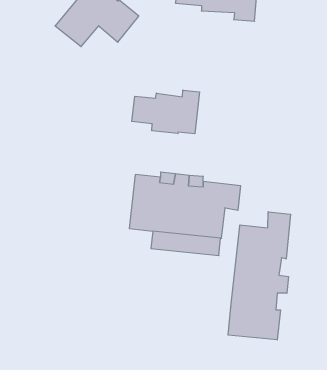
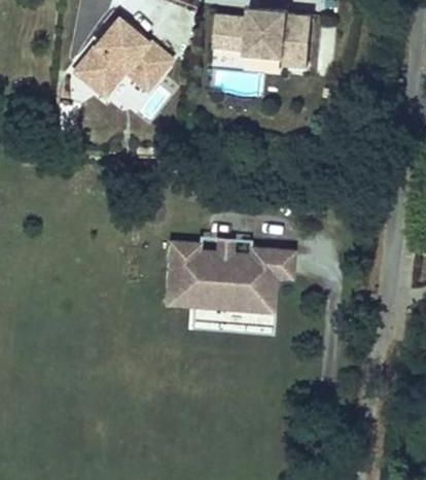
building: [132,90,199,134] -> none
building: [228,212,291,340] -> none

